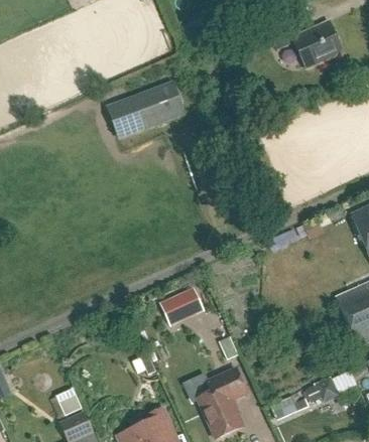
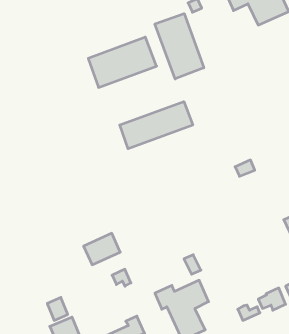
building: none -> [155,14,204,79]
building: none -> [120,102,193,149]
building: [160,288,204,325] -> [84,233,120,265]

